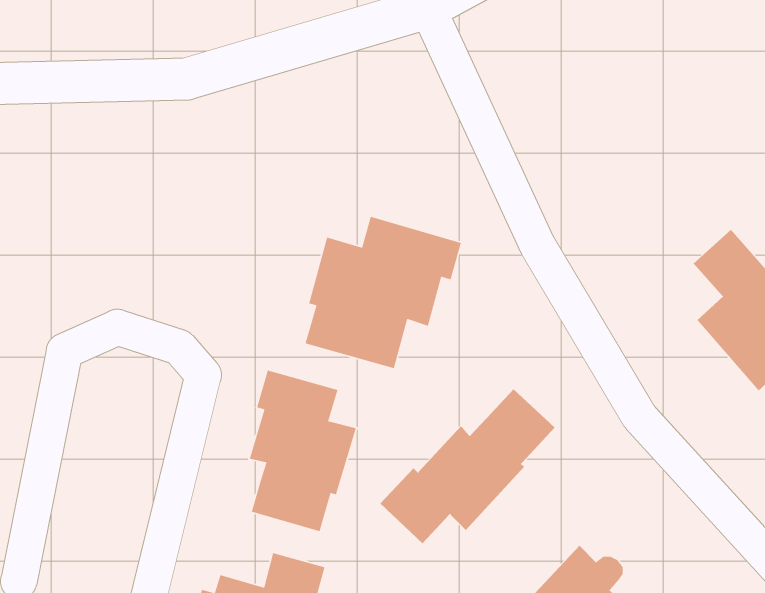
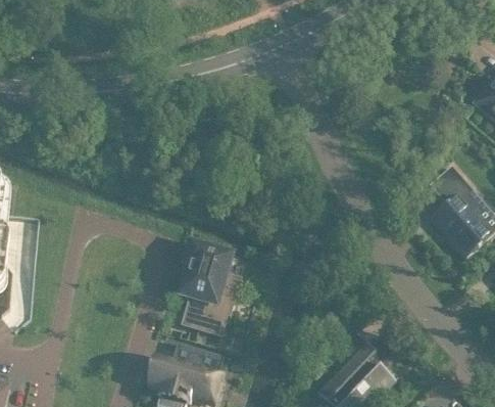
building: [305,216,462,369] -> none
building: [380,388,556,544] -> none

